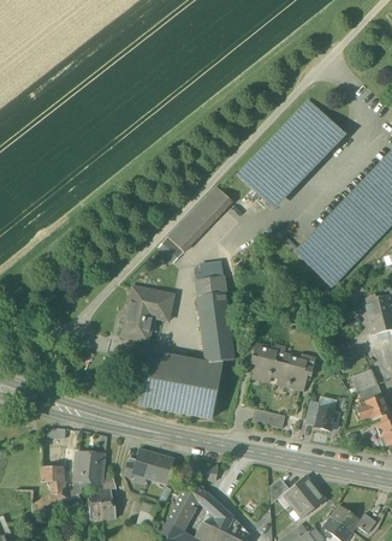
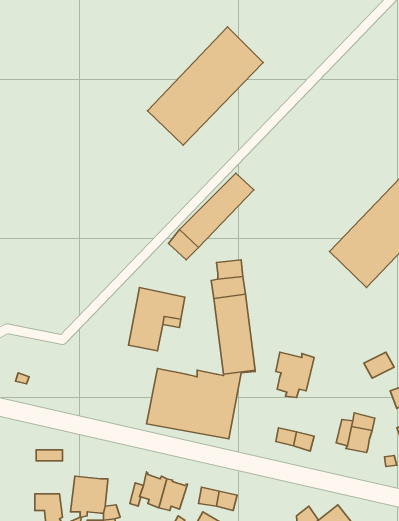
building: [238,101,339,204] -> [147,27,263,145]
building: [277,352,315,392] -> none

